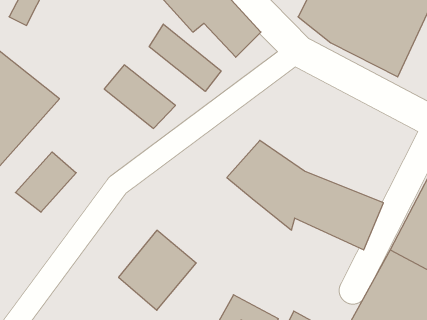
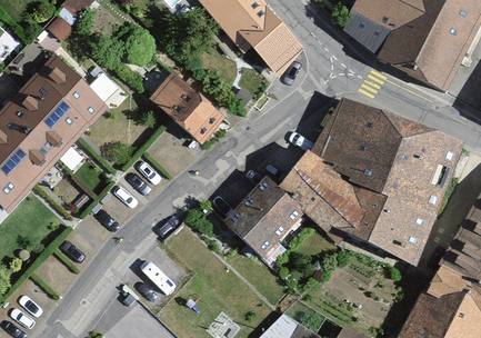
building: [149,24,221,91] -> none
building: none -> [307,101,459,217]
building: [15,152,76,212] -> none
building: [119,230,196,310] -> [220,179,299,260]

